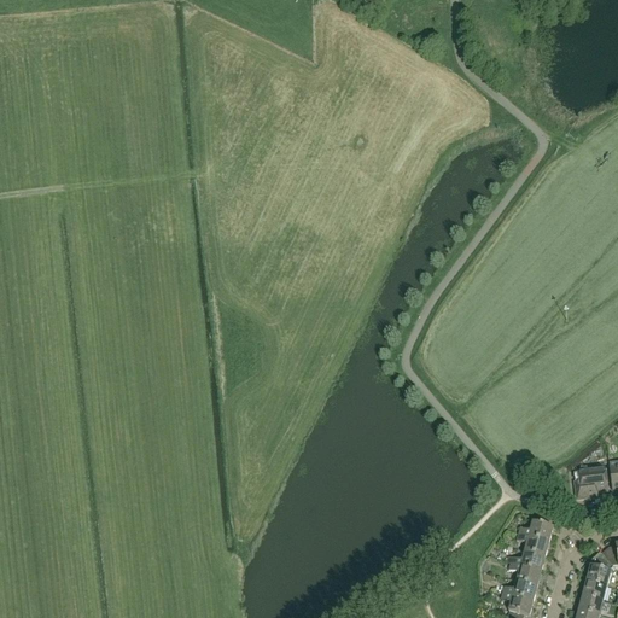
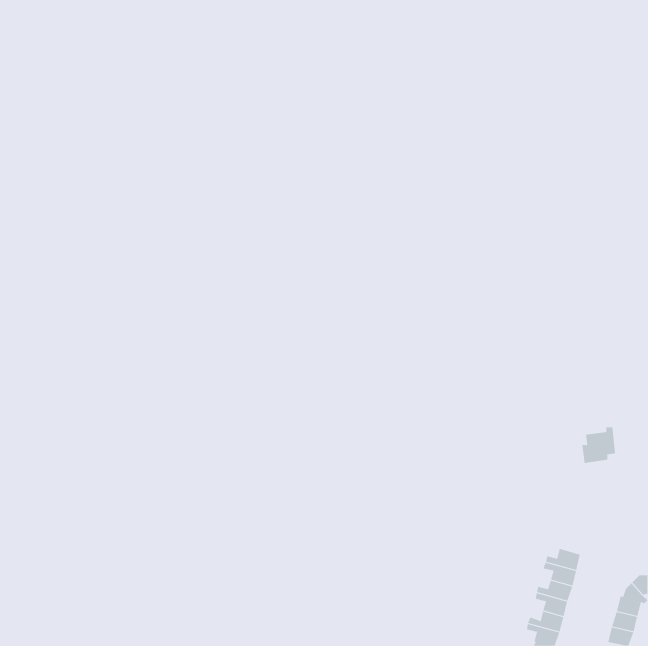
building: [573,464,606,499] -> [581,427,616,464]

